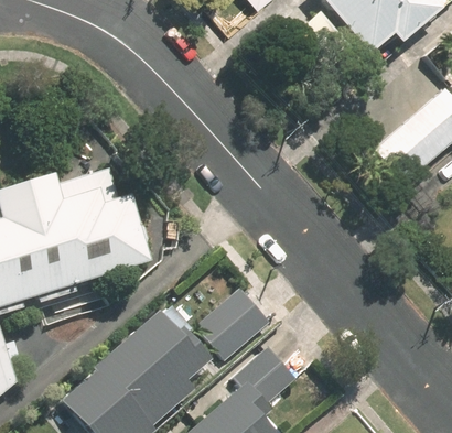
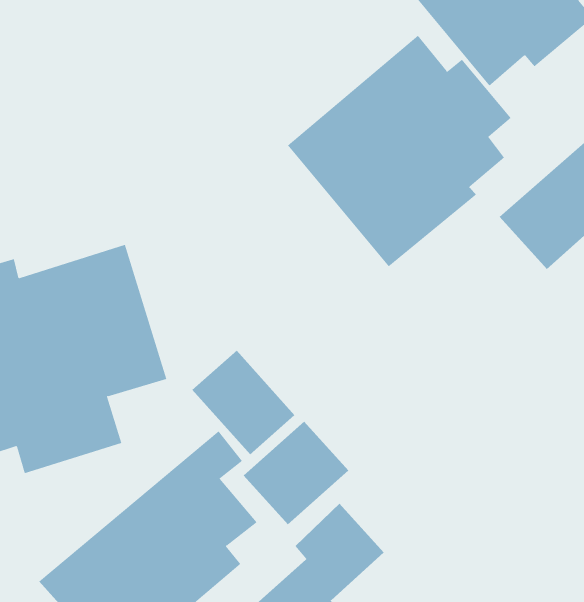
building: none -> [287,35,511,267]
building: none -> [191,350,295,455]

